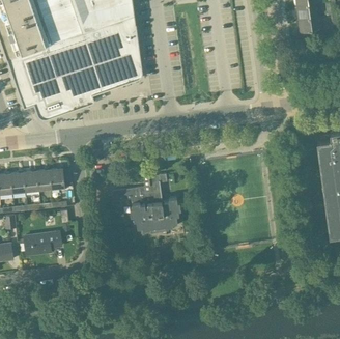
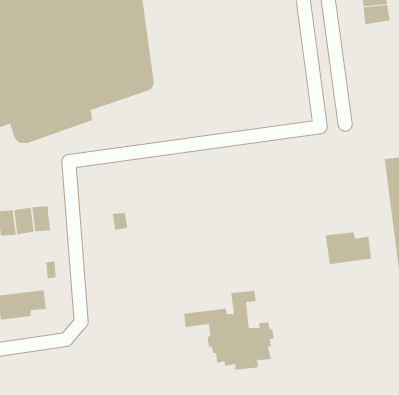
building: [112,173,180,233] -> [183,290,274,370]
building: none -> [325,232,372,265]

